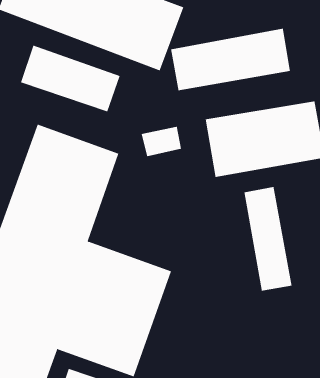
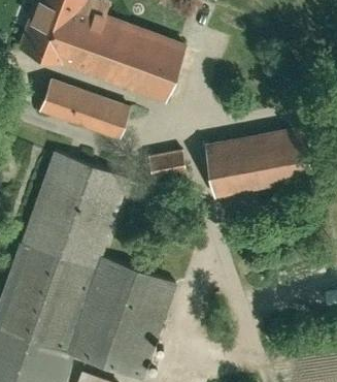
building: [170,28,291,91] -> none
building: [244,186,292,291] -> none

